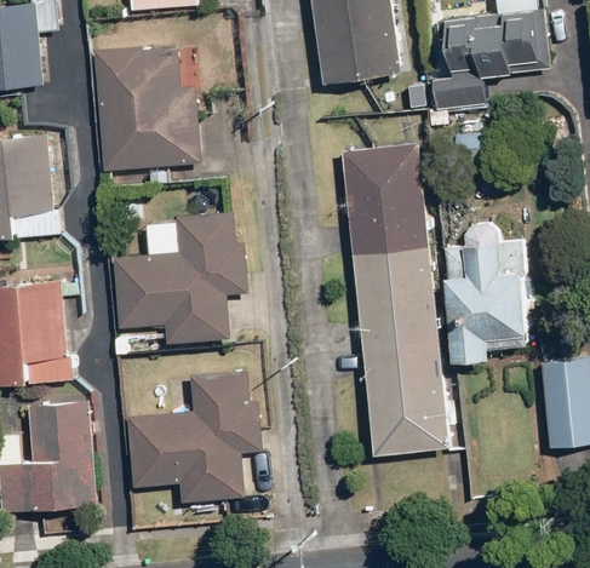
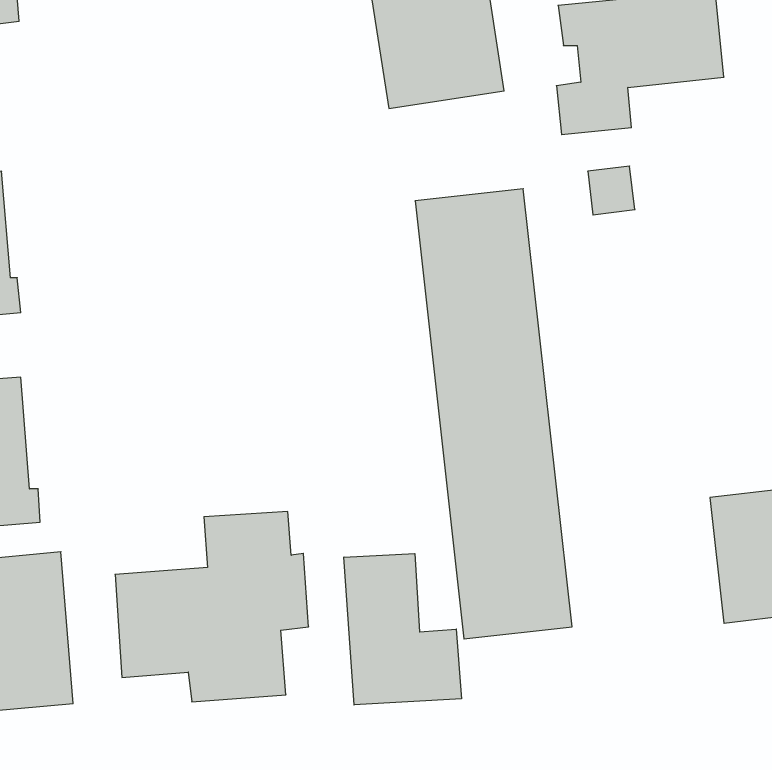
building: [94,46,204,173] -> none
building: [115,211,251,344] -> none
building: [447,223,529,361] -> none
building: none -> [344,554,461,705]

